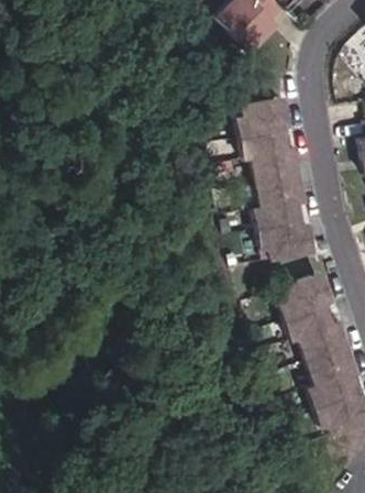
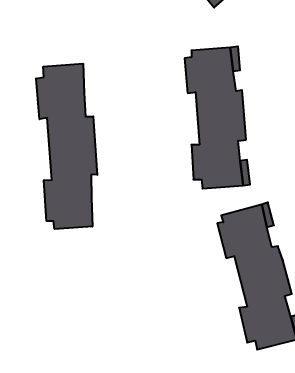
building: none -> [36,64,97,229]

